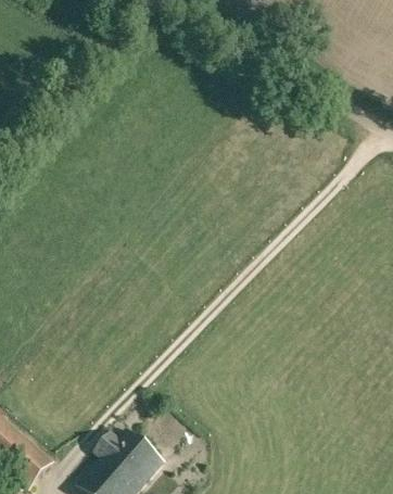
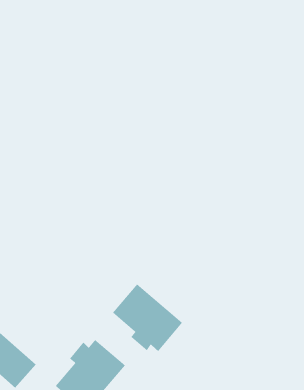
building: none -> [112,283,183,352]

